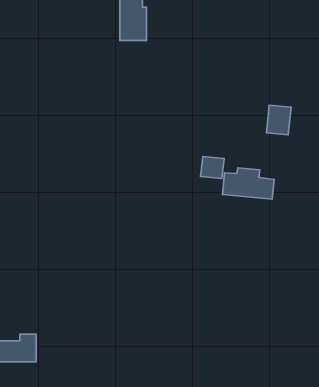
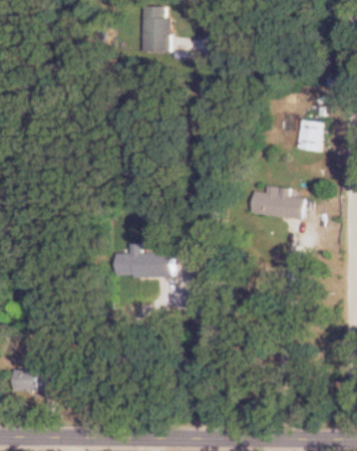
building: [201,156,224,179] -> none
building: none -> [115,244,171,278]

